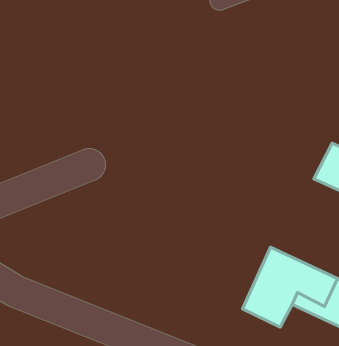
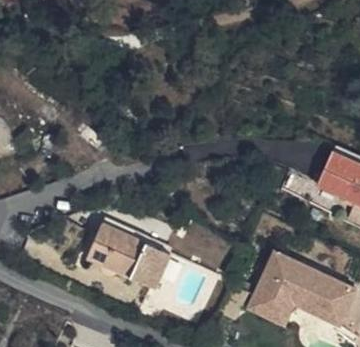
building: none -> [89,222,171,287]

